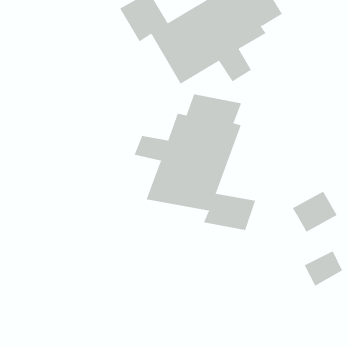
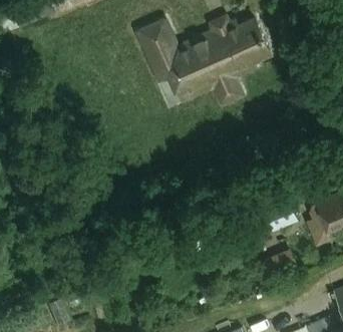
building: [134,94,256,231] -> none

